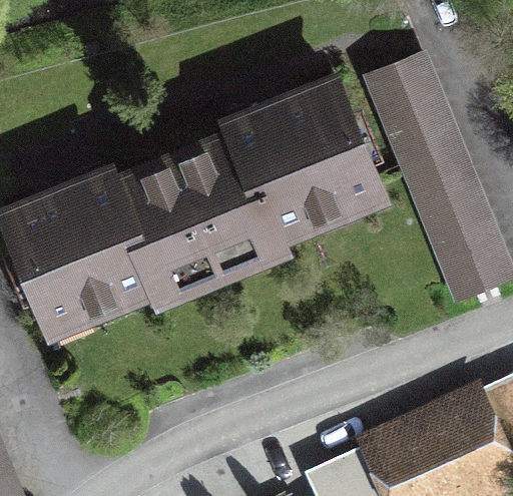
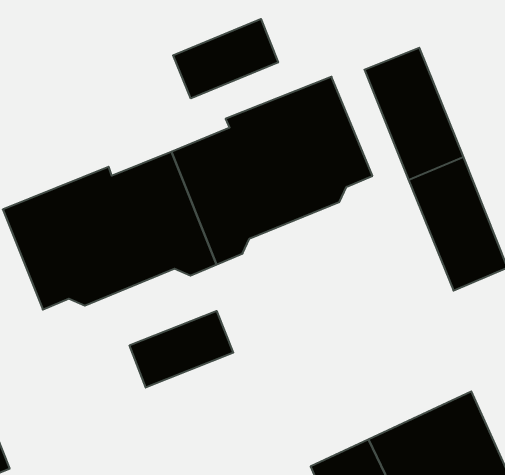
building: none -> [173,19,278,98]
building: none -> [130,311,233,388]

